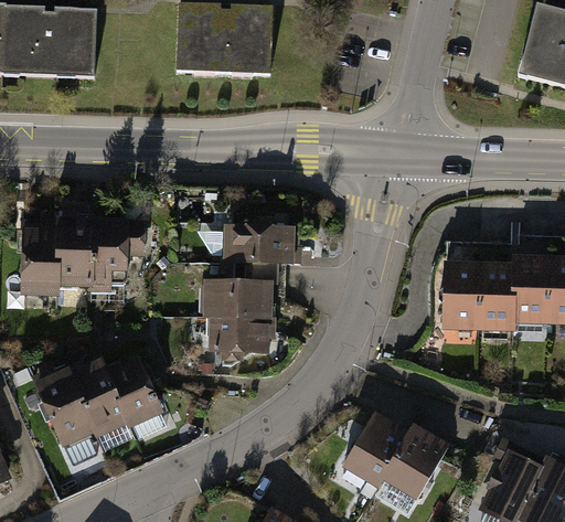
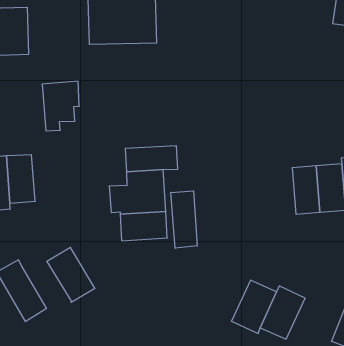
building: [93,219,142,284] -> [42,81,79,131]
building: none -> [171,191,197,248]
building: [67,356,130,437] -> none

